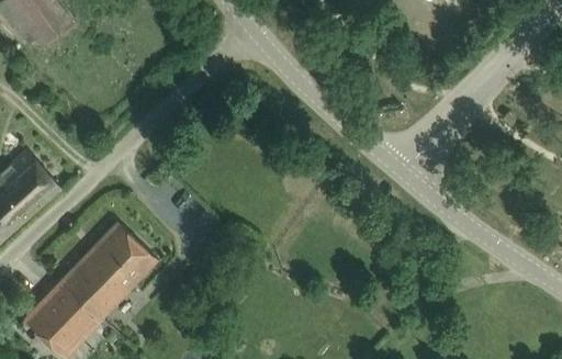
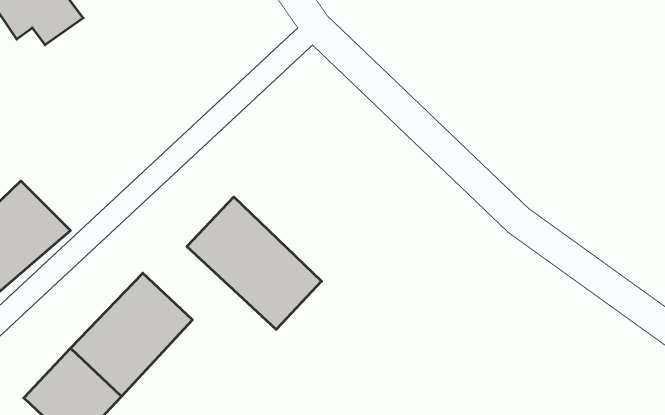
building: none -> [187,197,322,329]

